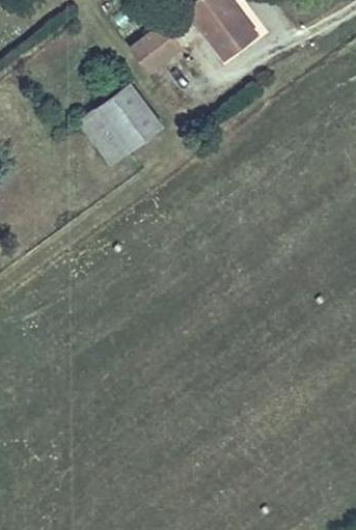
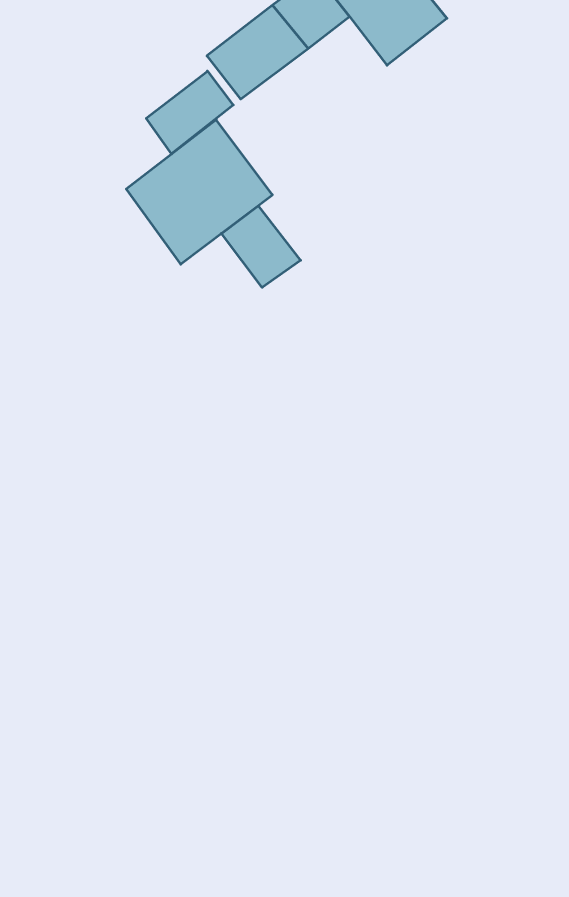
building: none -> [146,71,233,154]
building: none -> [221,206,301,287]

